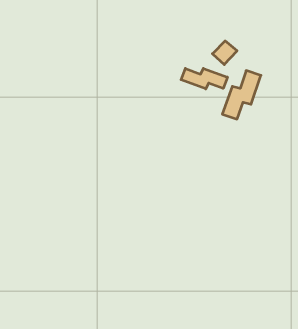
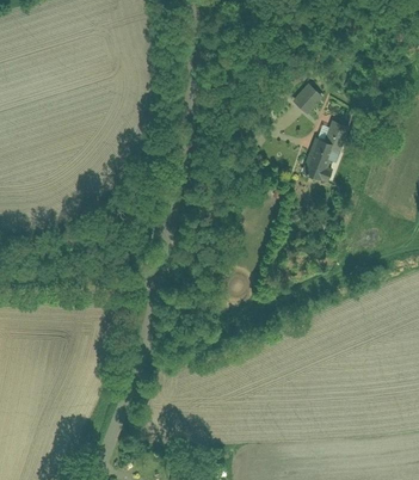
building: [181,68,227,89] -> none

